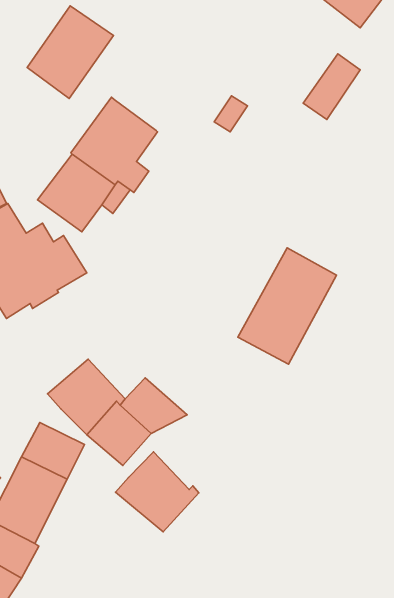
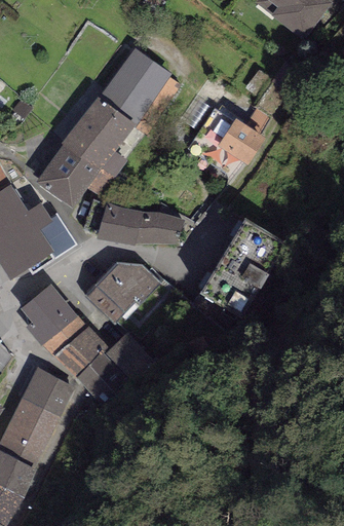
building: [27,6,114,98] -> [99,47,170,124]
building: none -> [185,105,265,174]
building: none -> [95,202,184,246]
building: none -> [84,260,160,323]
building: none -> [21,284,77,345]
building: [116,452,199,532] -> none

